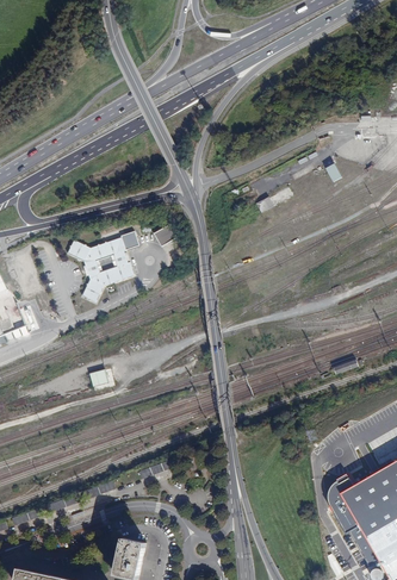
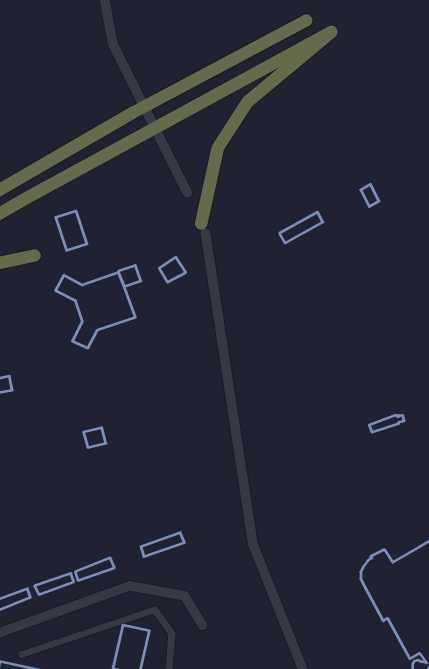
building: none -> [56,211,87,250]

